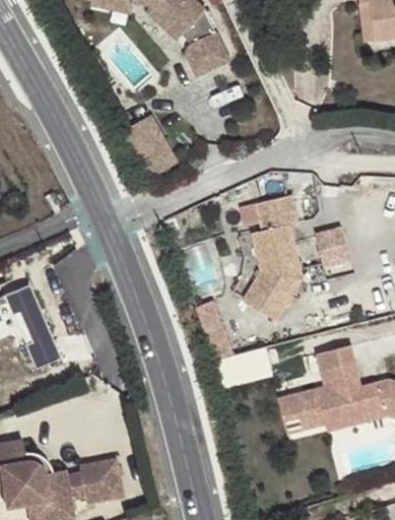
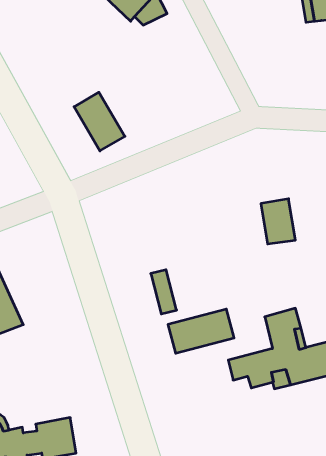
building: [186,31,228,75] -> none
building: [240,192,299,317] -> none

